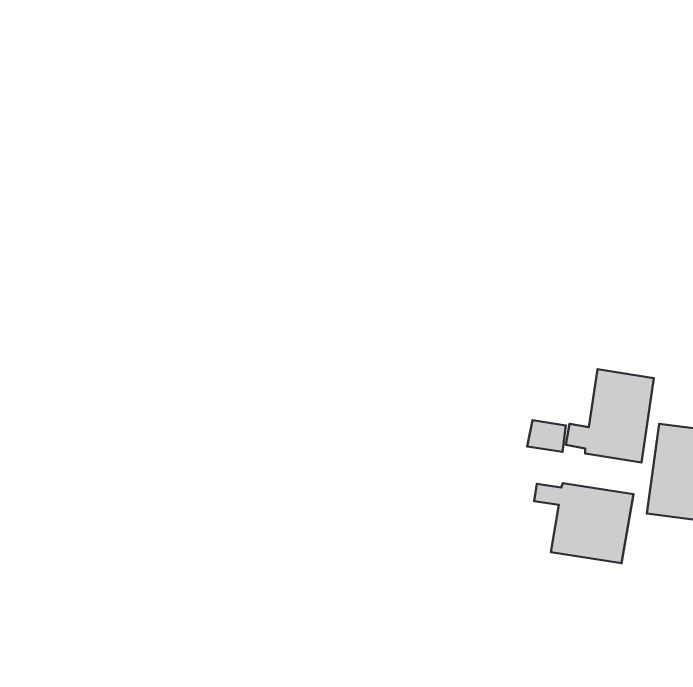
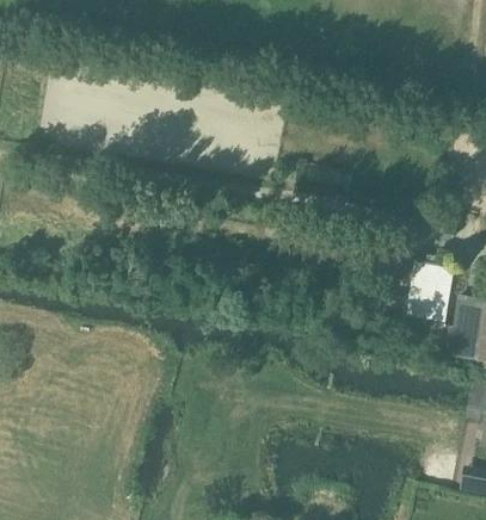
building: [534,483,633,563] -> none

